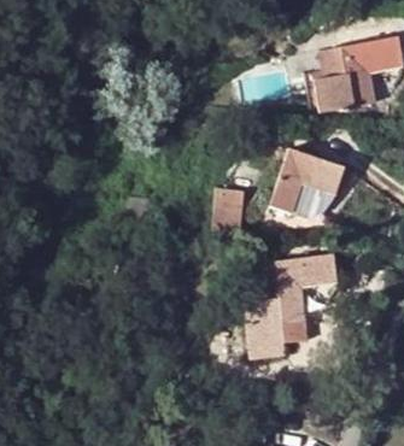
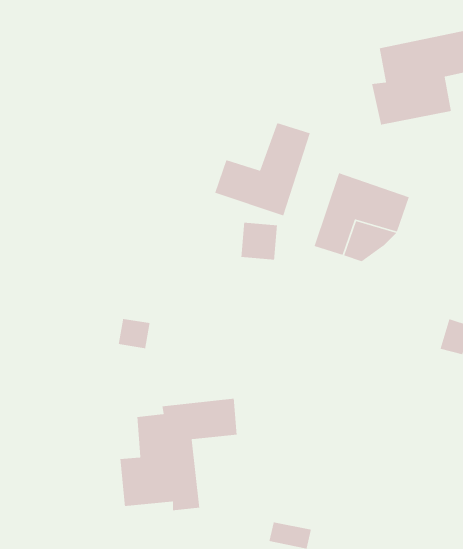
building: none -> [214,122,311,216]
building: [245,254,336,342] -> [119,398,237,511]

